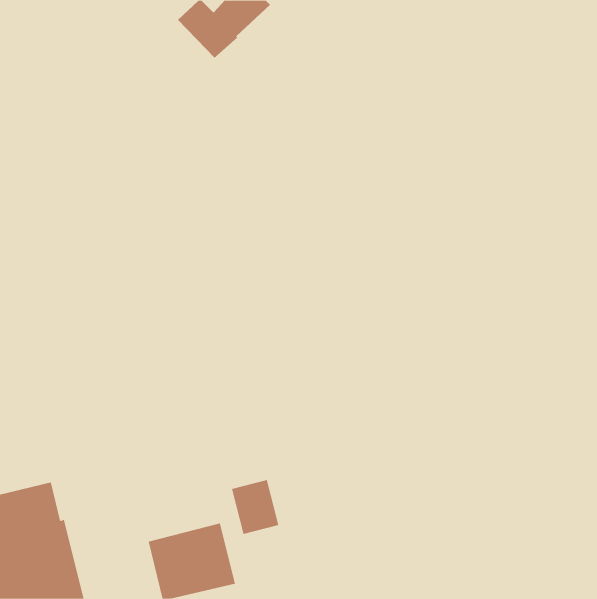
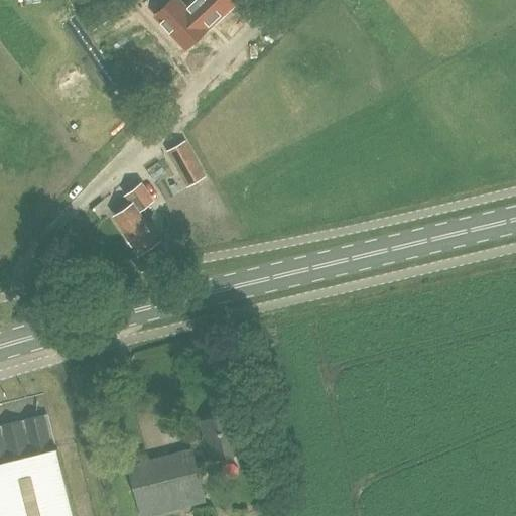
building: none -> [165,139,204,186]
building: none -> [111,184,155,251]

